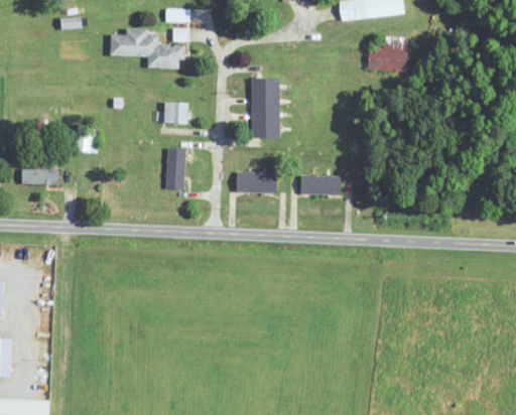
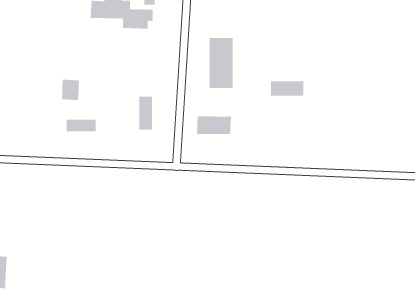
building: [368,39,405,71] -> none
building: [163,102,188,123] -> none
building: [21,169,57,184] -> [66,119,97,132]
building: [300,176,341,194] -> [270,81,304,96]

